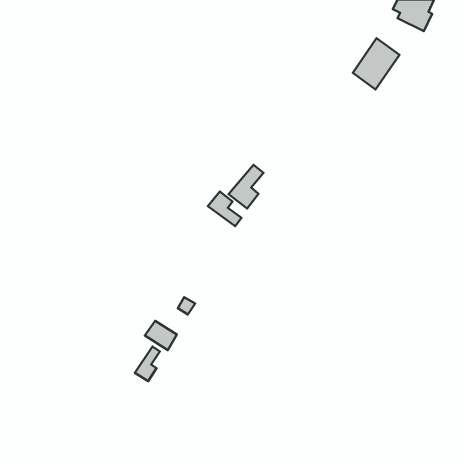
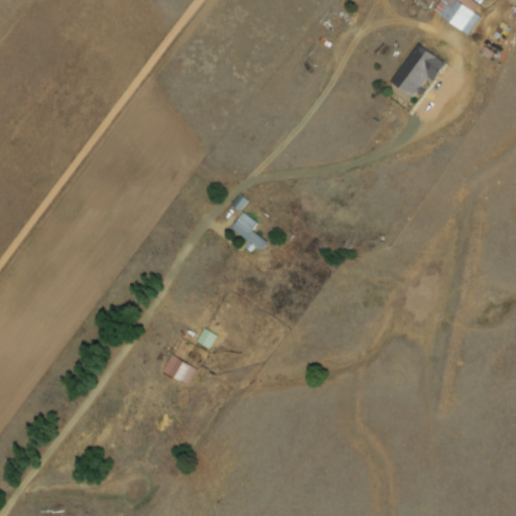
building: [229,165,264,208] -> none
building: [135,347,160,381] -> none

